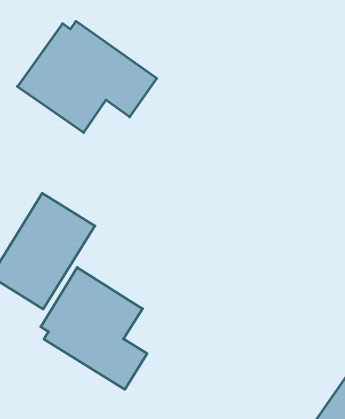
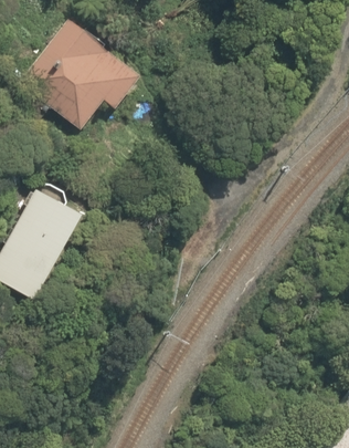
building: [41,267,147,389] -> none

